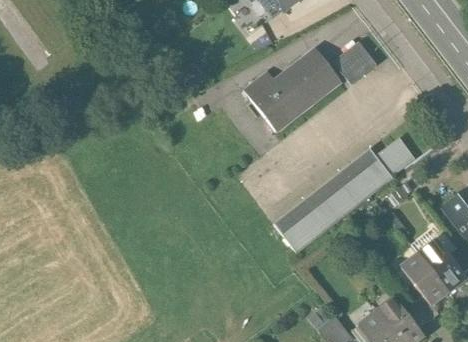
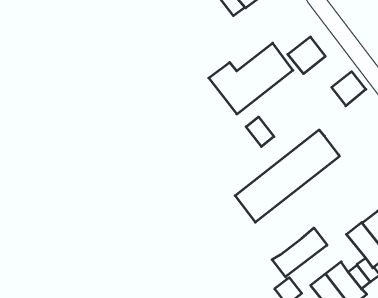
building: none -> [246,117,274,147]
building: [376,137,415,176] -> [332,72,366,106]
building: none -> [272,228,327,277]

